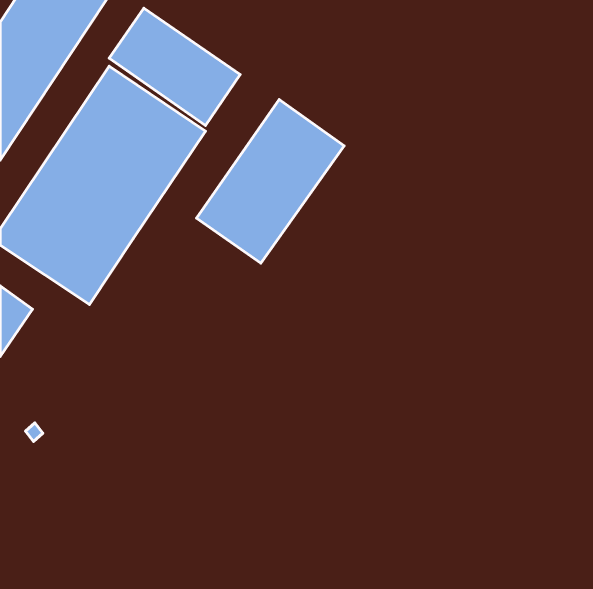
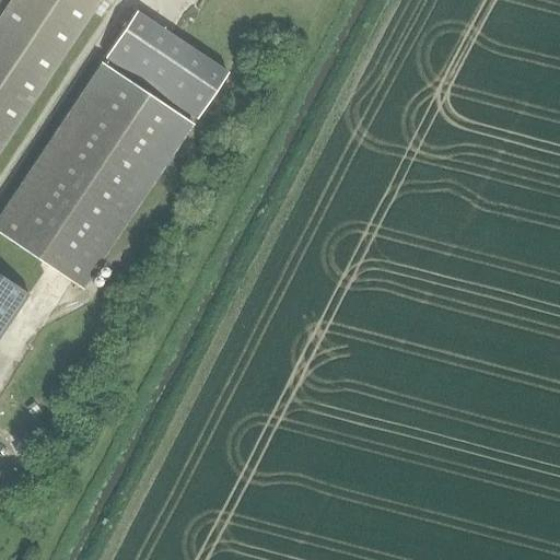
building: [196,99,344,263] -> none

